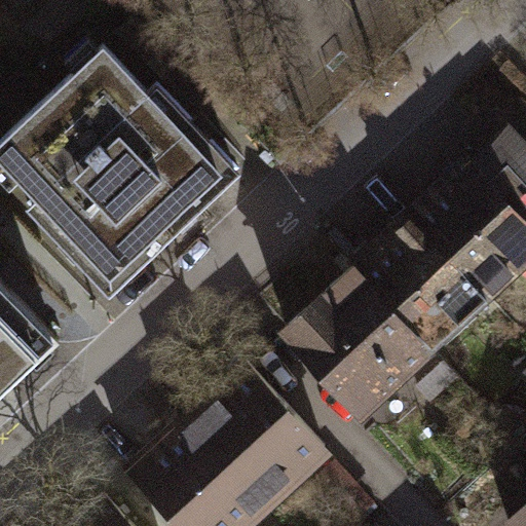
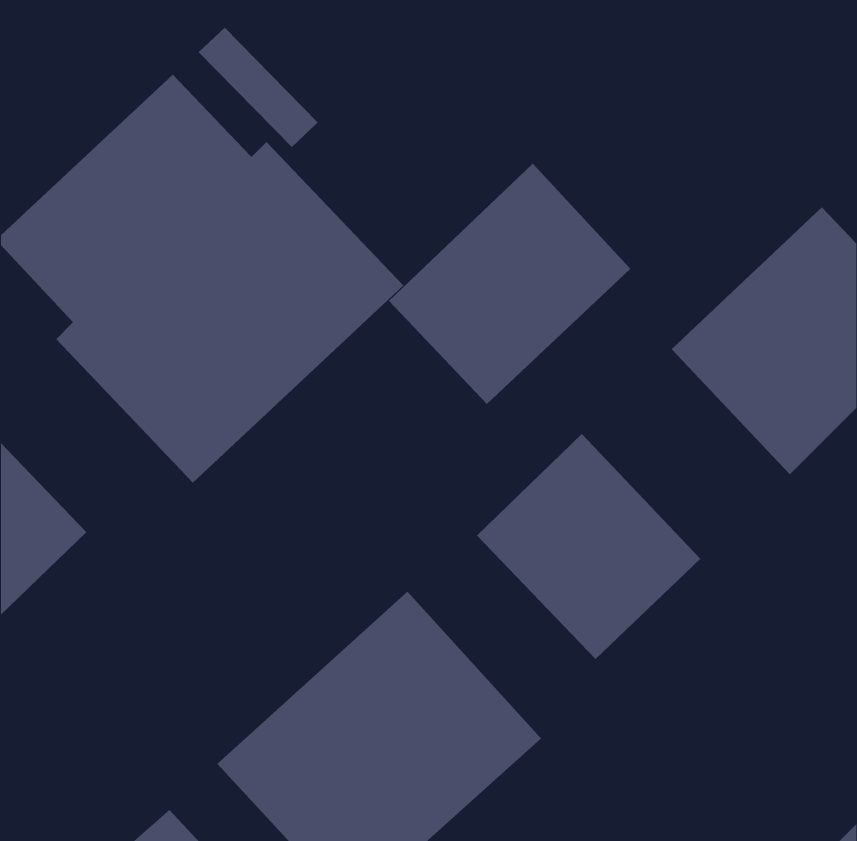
building: none -> [388,163,631,405]
building: [356,224,484,352] -> none

